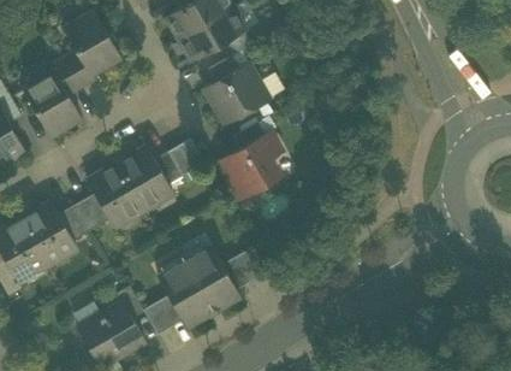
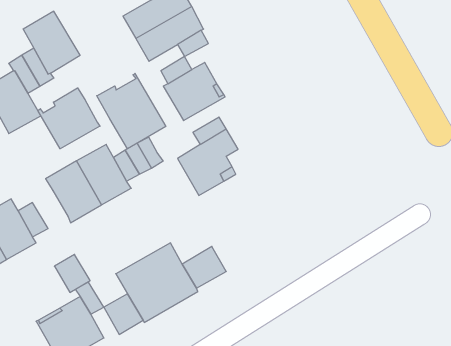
building: none -> [97,73,166,149]
building: none -> [38,88,100,149]
building: [72,194,108,232] -> [54,254,90,292]

